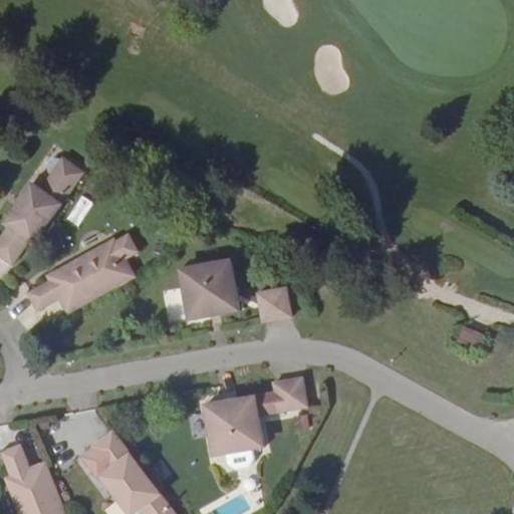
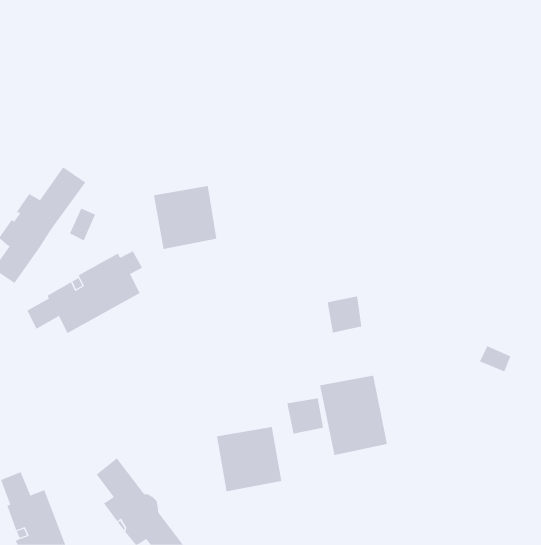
building: [180,255,240,315] -> [153,186,217,250]
building: [255,287,288,322] -> [327,296,362,333]
building: none -> [320,375,388,456]

